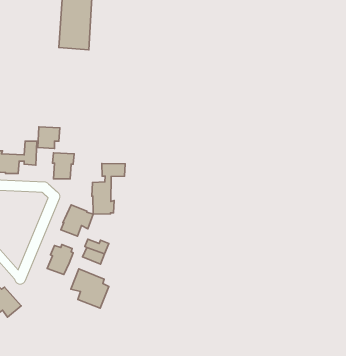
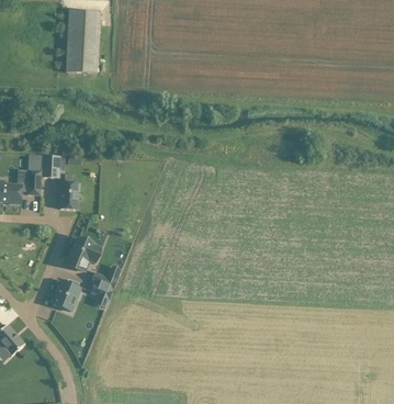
building: [92,164,125,214] -> none
building: [71,269,109,308] -> none

